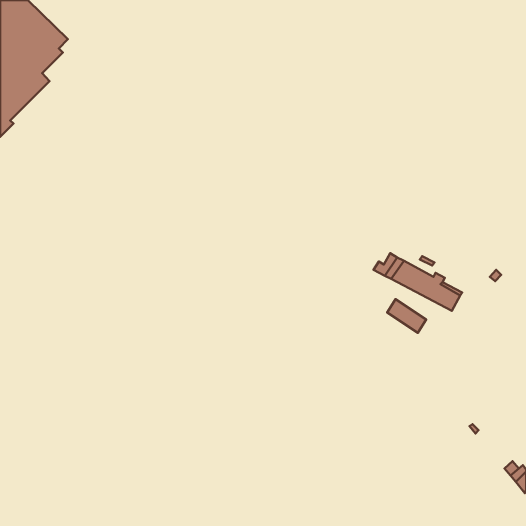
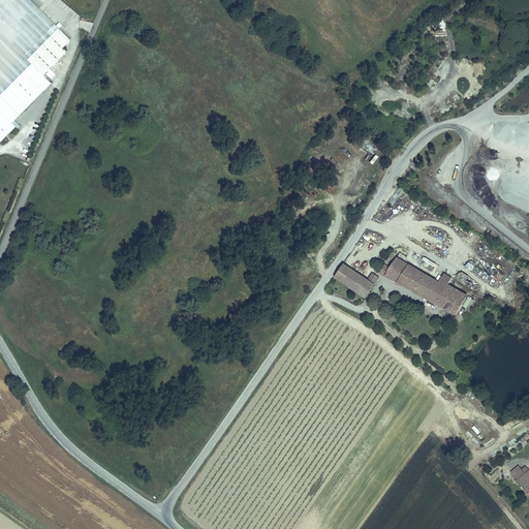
building: [387,299,426,333] -> [336,266,375,300]

